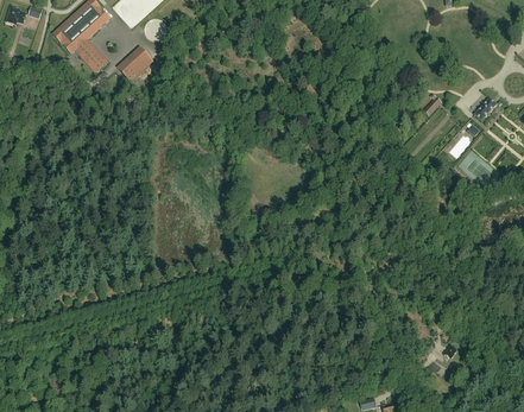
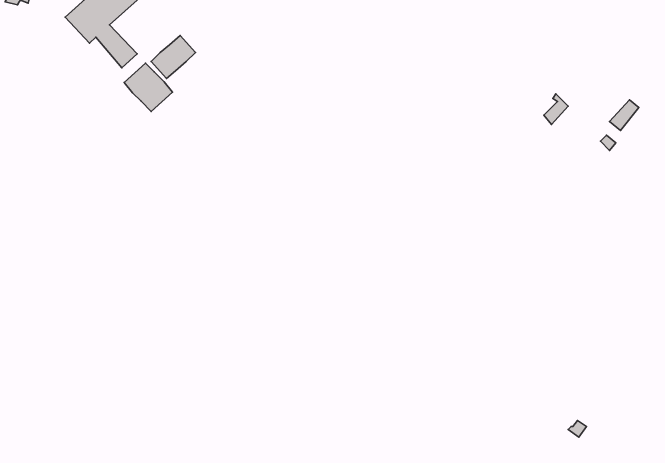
building: none -> [124,63,173,112]

